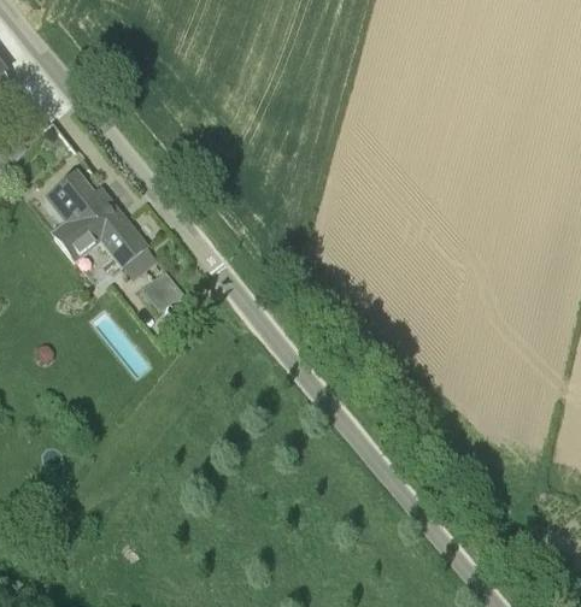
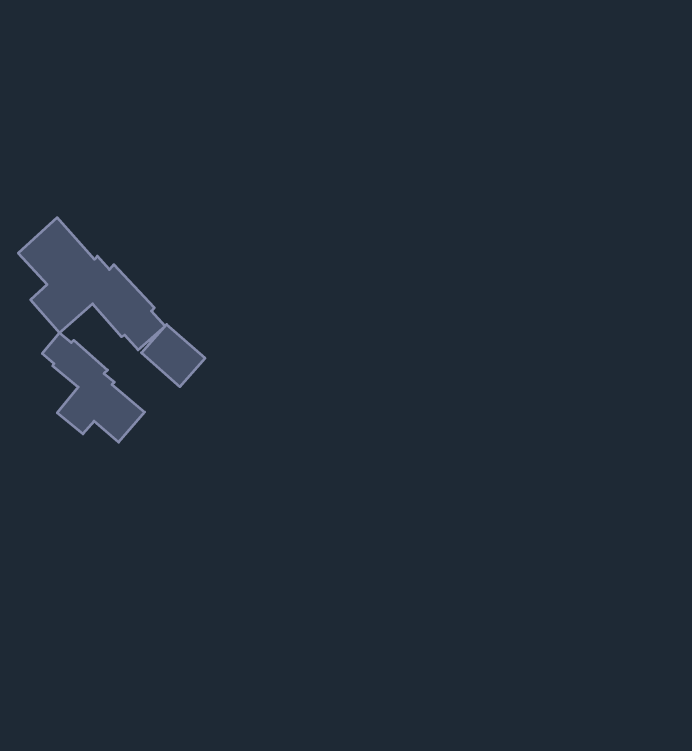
building: none -> [42,333,145,442]

